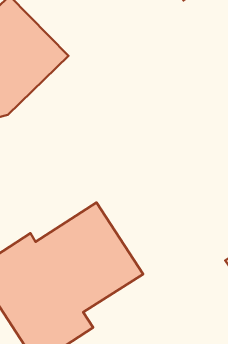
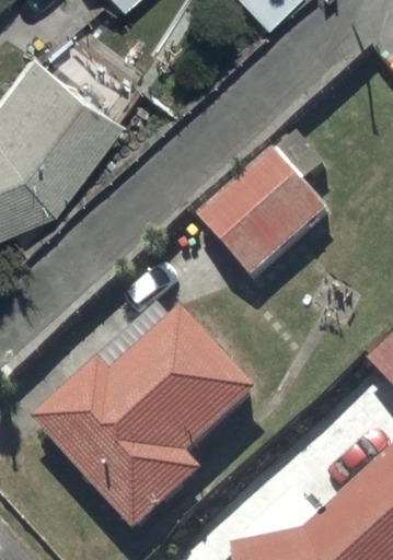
building: none -> [196,144,330,276]

